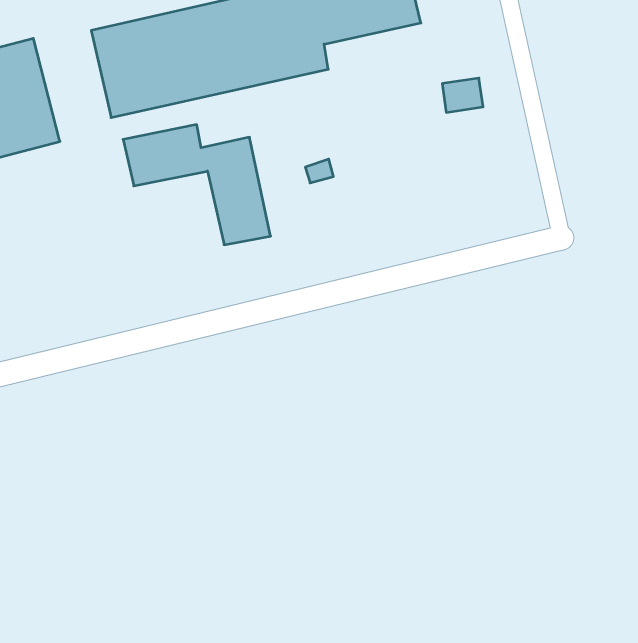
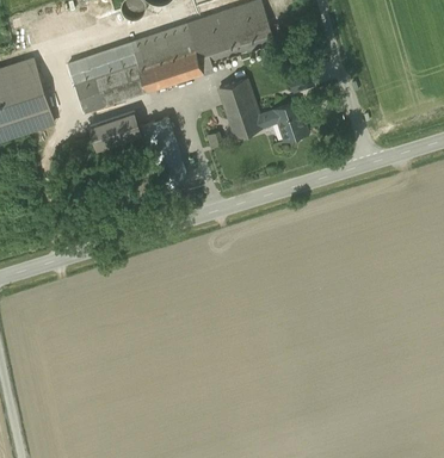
building: none -> [216,80,312,144]

